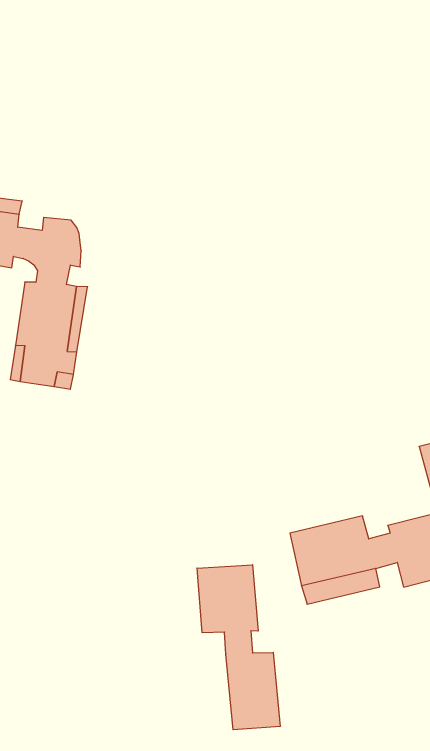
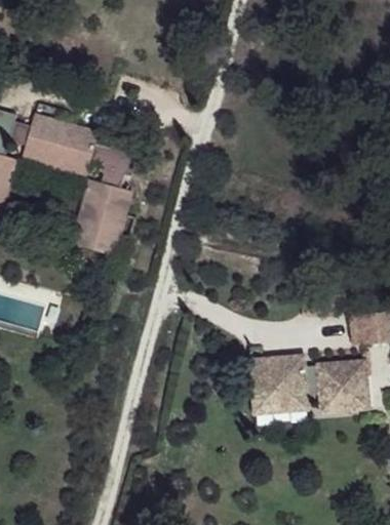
building: [197,565,280,730] -> none

